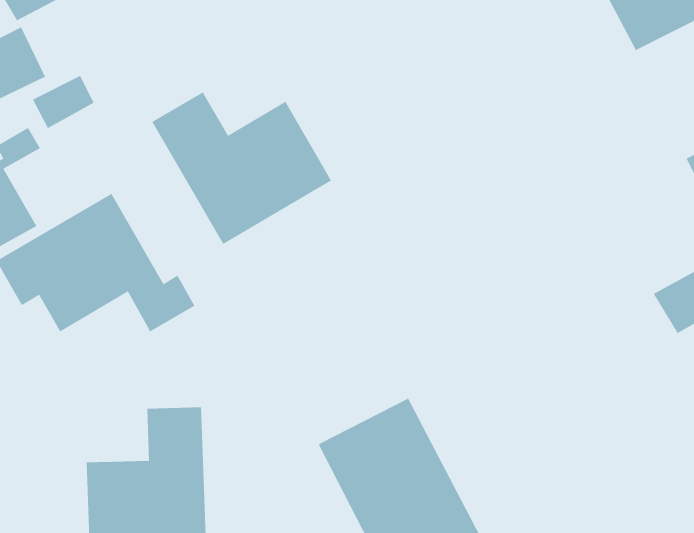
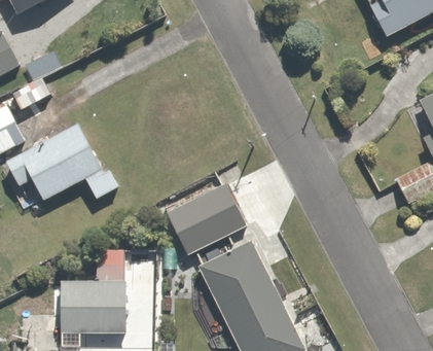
building: [152,92,332,245] -> none
building: none -> [176,179,251,262]

